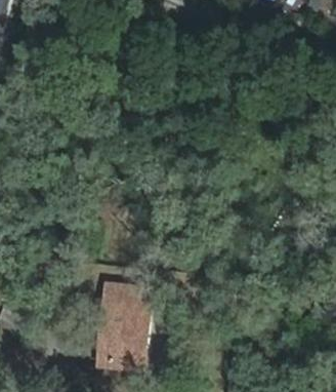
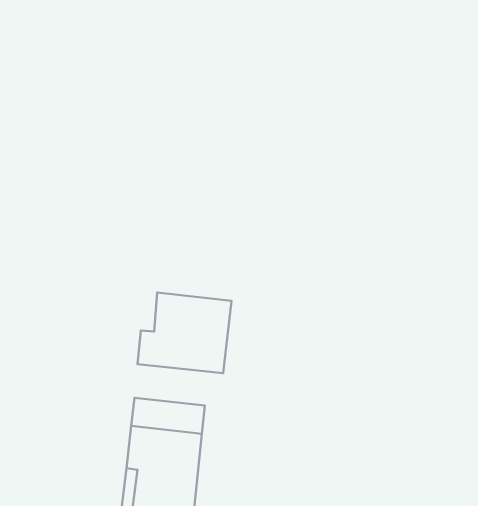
building: none -> [138,292,231,373]

